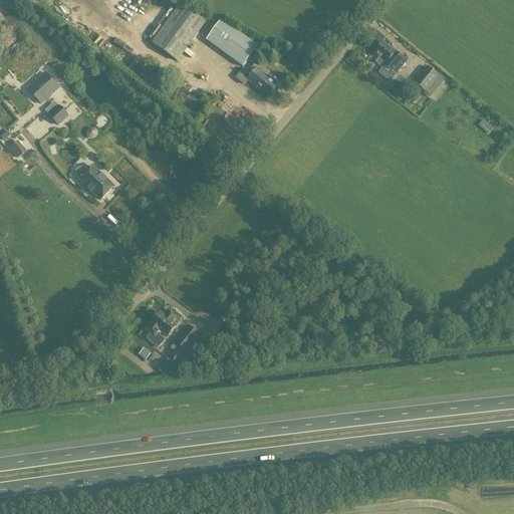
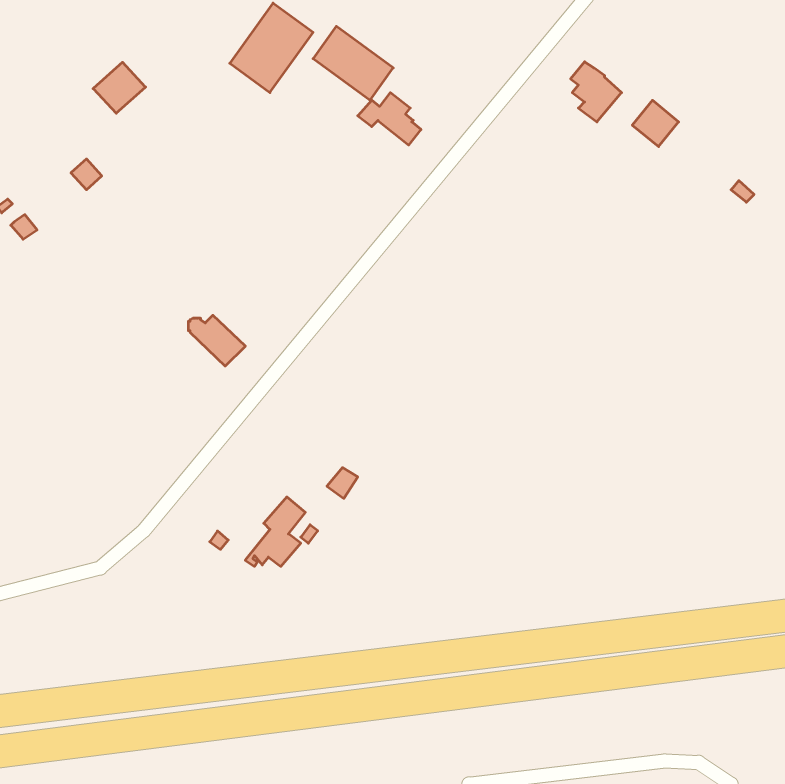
building: [24,69,58,102] -> [93,62,146,113]
building: [74,165,111,198] -> [188,315,245,366]
building: [144,307,179,345] -> none

